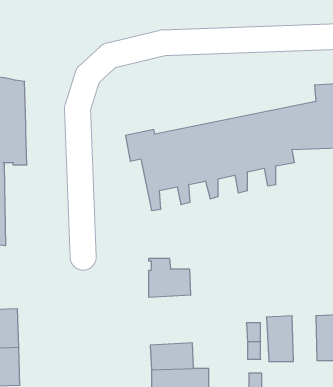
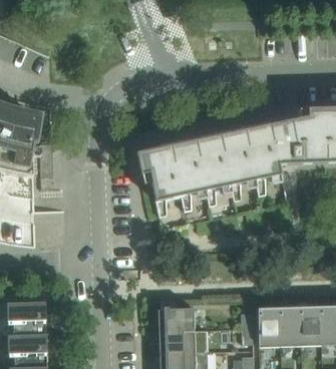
building: [149,259,191,297] -> [157,298,194,331]
building: none -> [279,306,300,345]

